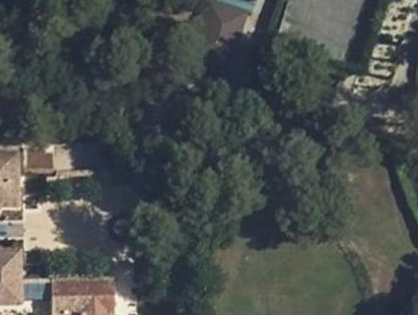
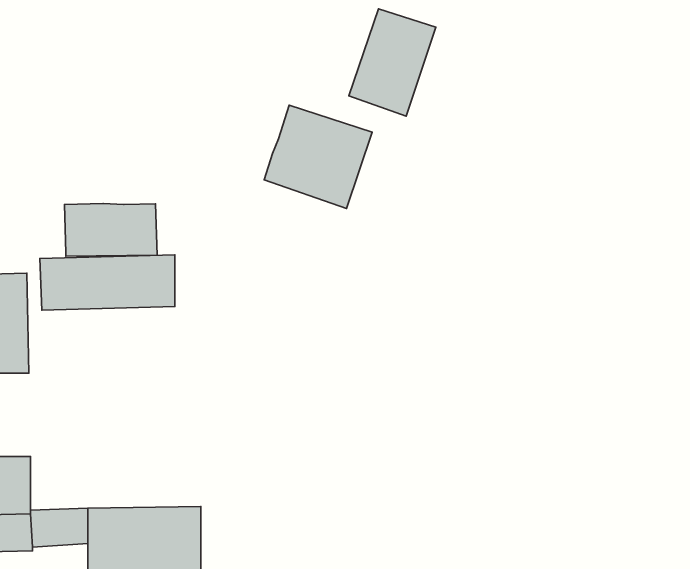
building: none -> [264,105,372,209]
building: none -> [65,204,157,256]

